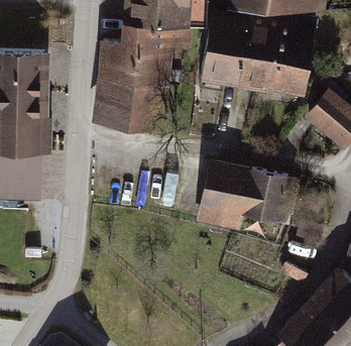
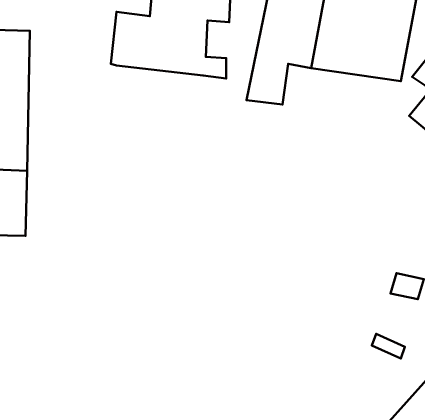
building: [99,79,164,129] -> none
building: [202,165,287,231] -> none

